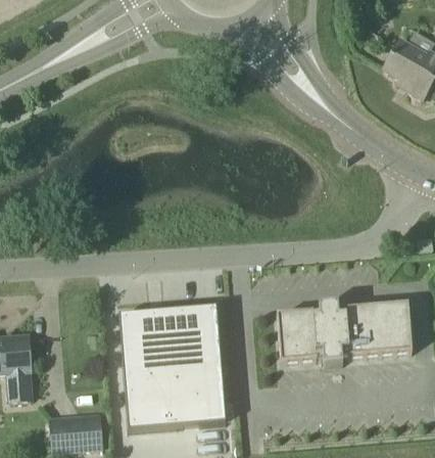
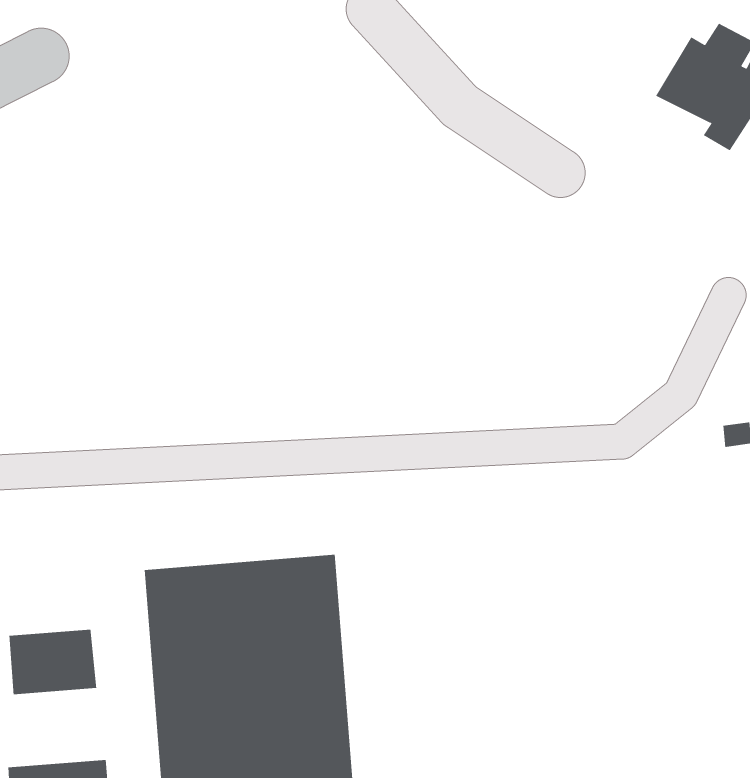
building: [277,303,413,364] -> none
building: none -> [9,629,97,695]

